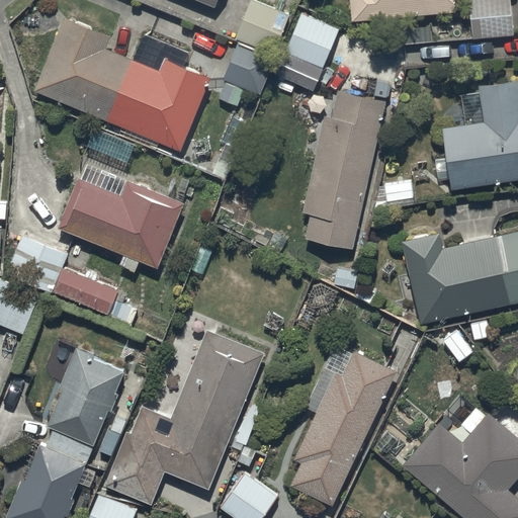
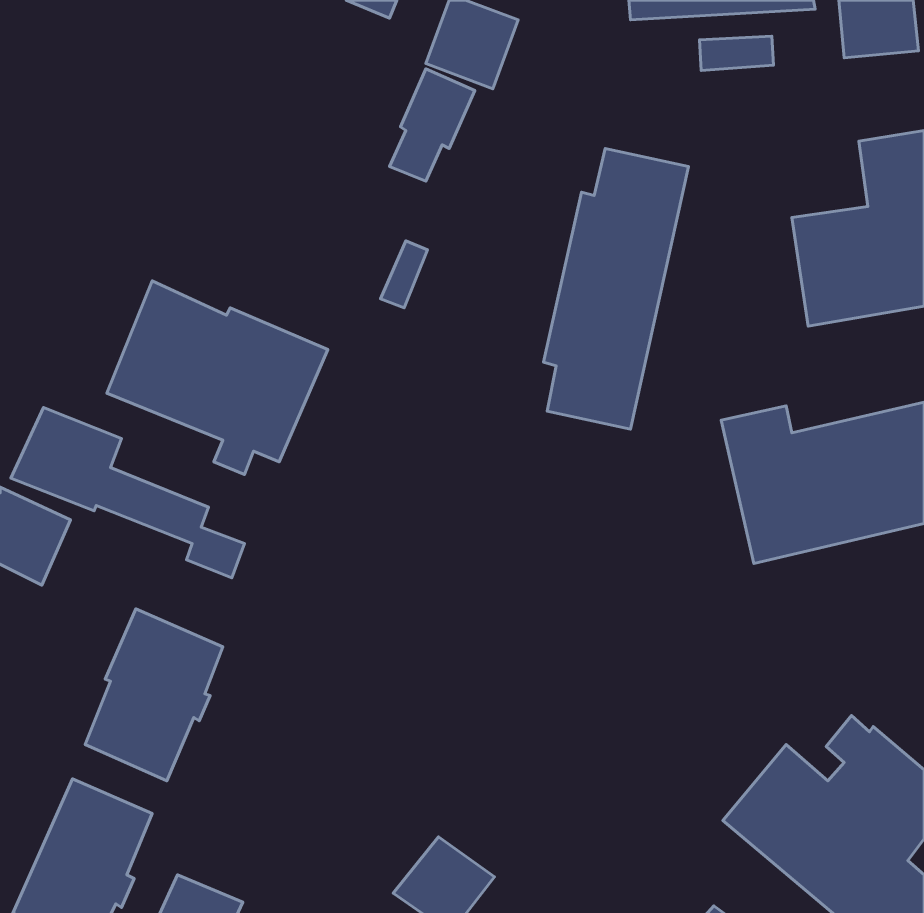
building: [286,15,337,68] -> none
building: [37,29,212,162] -> none
building: [104,330,263,503] -> none
building: [291,345,396,504] -> none

